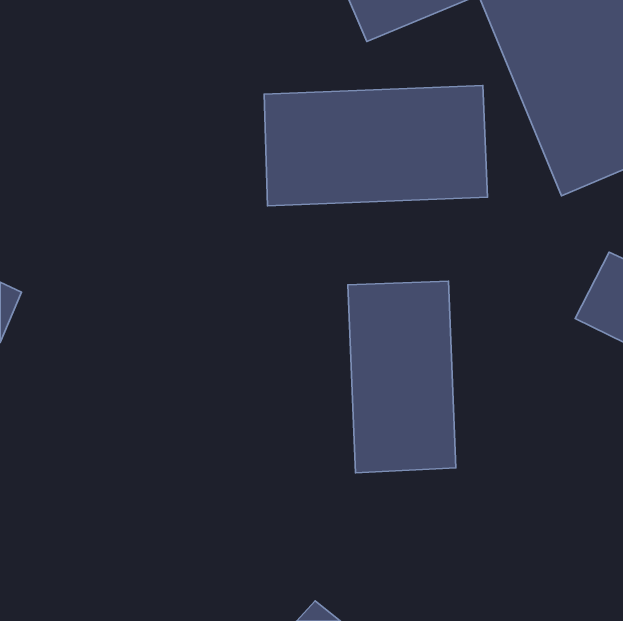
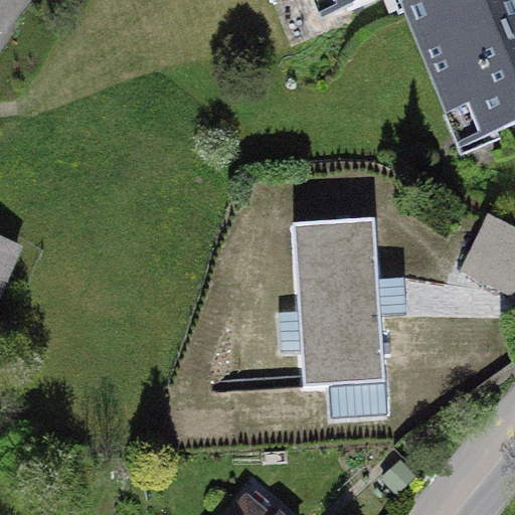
building: [264,85,488,206] -> none

